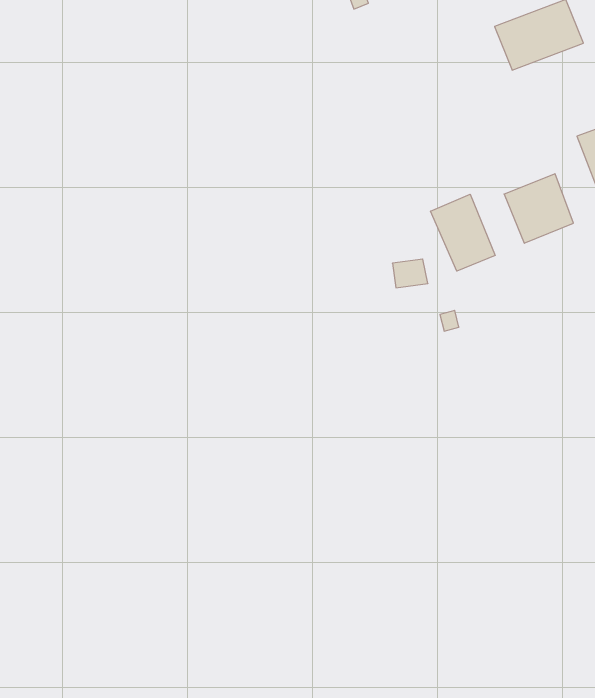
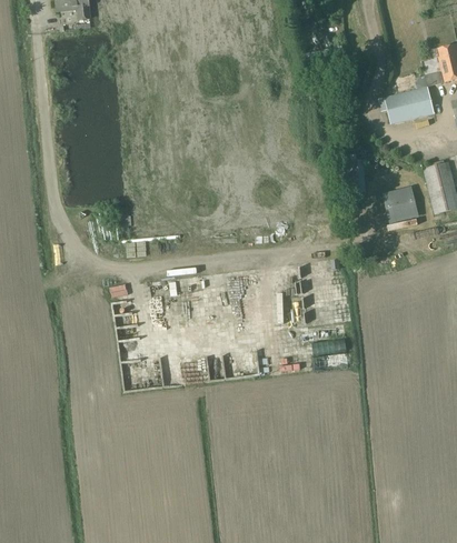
building: [431,194,495,271] -> none

